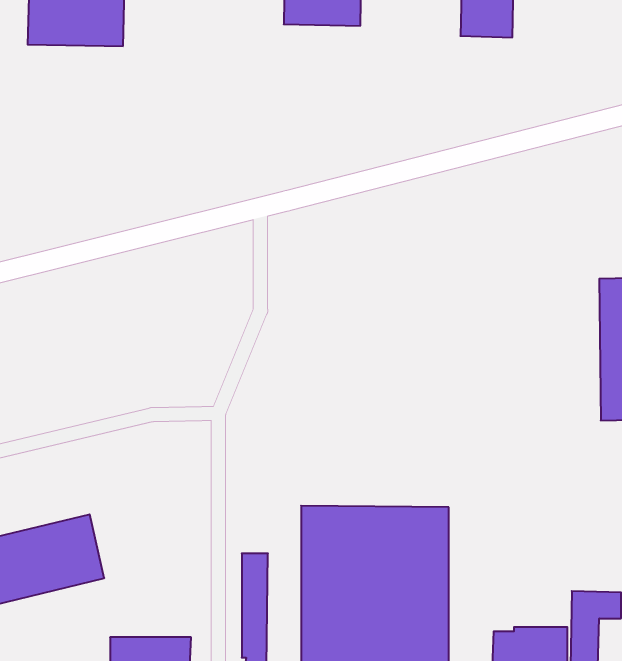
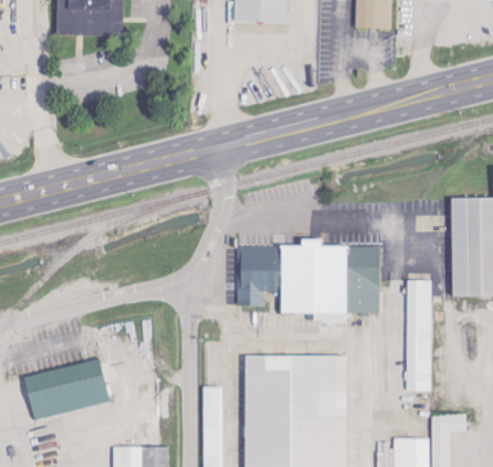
building: none -> [237,238,378,319]
building: none -> [406,279,431,390]

